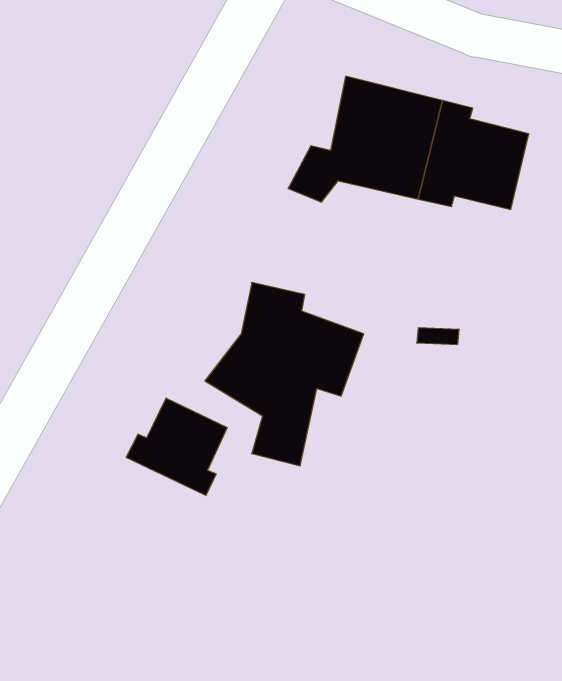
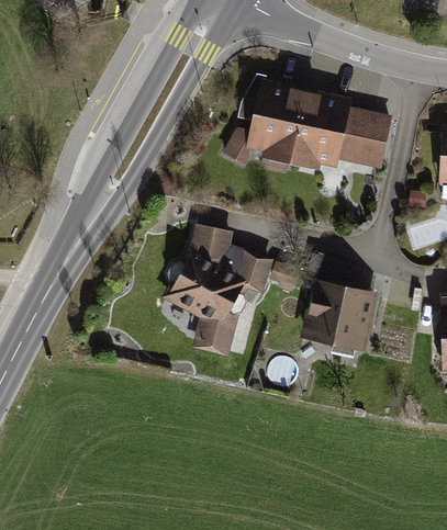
building: none -> [300,283,376,353]
building: [126,398,227,496] -> none

